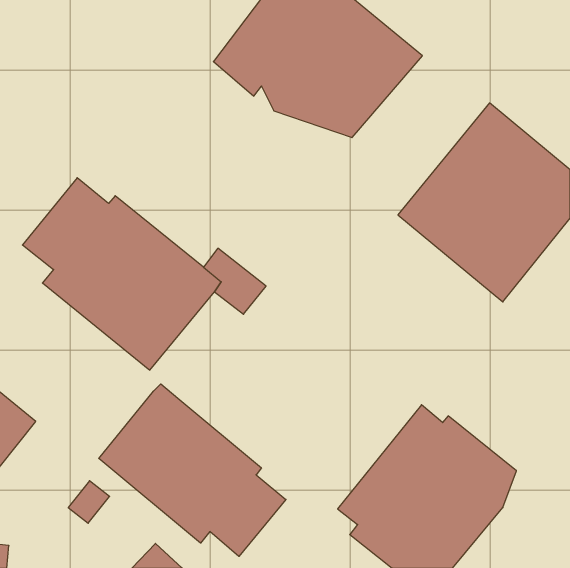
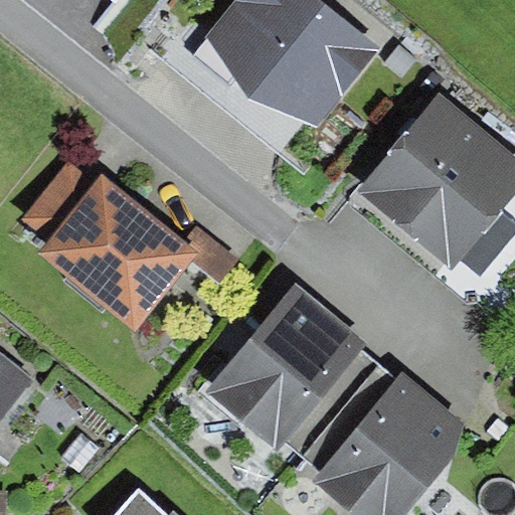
building: none -> [205,286,365,452]
building: [99,384,286,556] -> none

